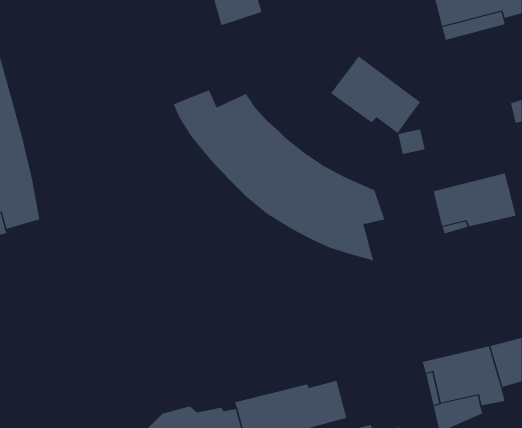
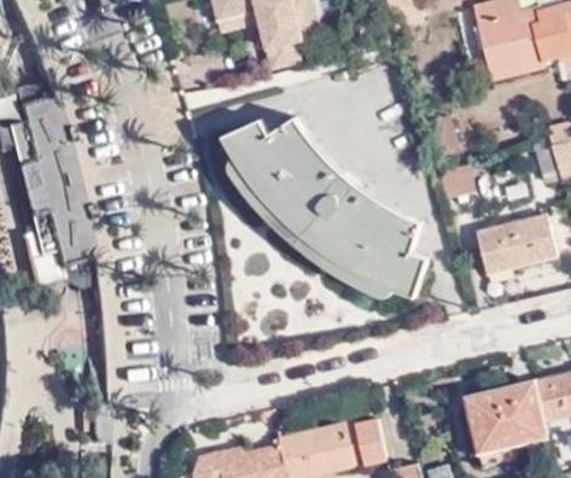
building: [330,55,421,134] -> none

